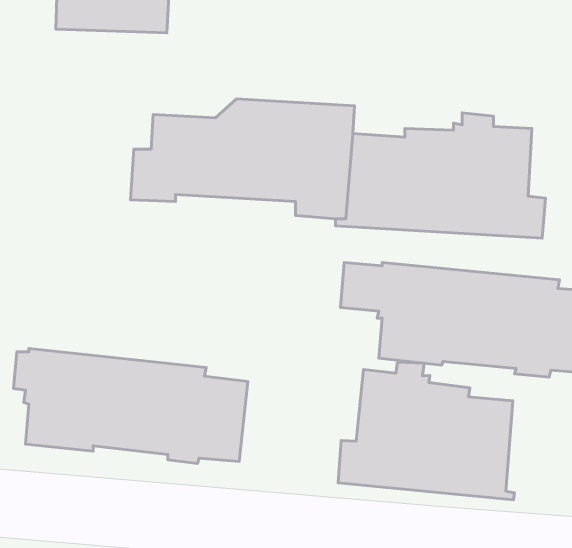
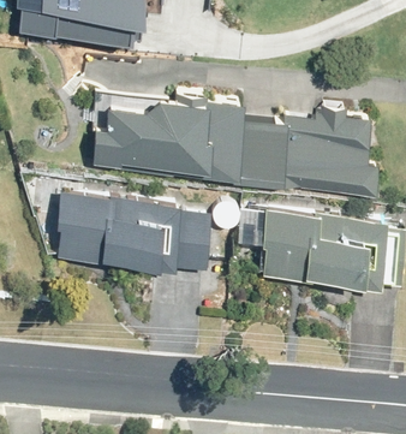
building: [13,348,248,463] -> [49,192,211,272]
building: [338,362,514,500] -> none

